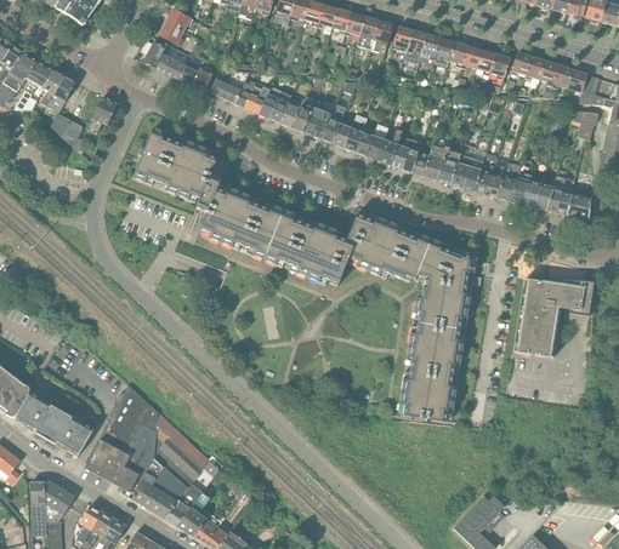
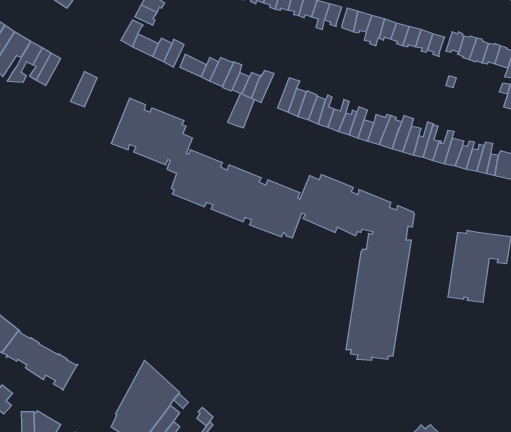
building: [302,99,333,138] -> [228,93,254,128]
building: [51,113,84,151] -> none
building: [85,384,170,484] -> none

